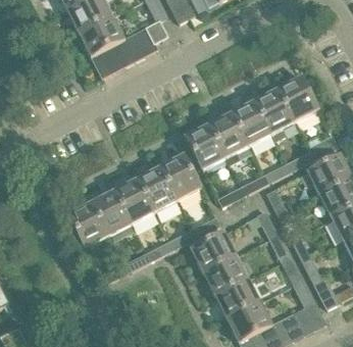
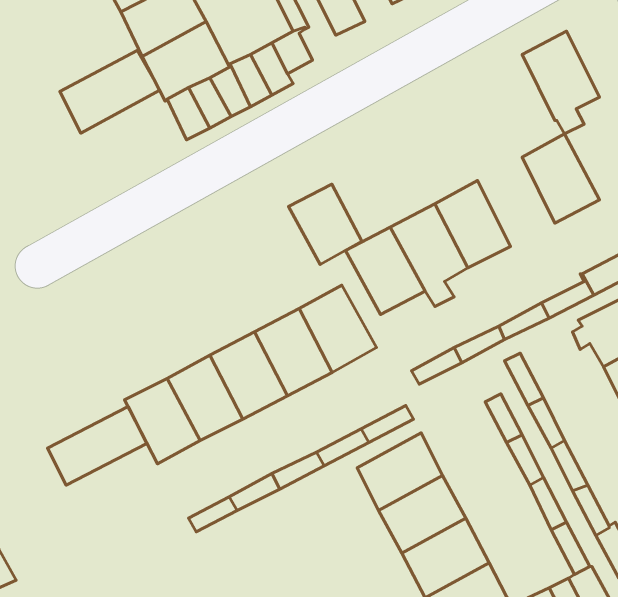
building: none -> [60,50,160,133]
building: [253,87,294,141] -> [522,31,600,134]
building: none -> [288,184,362,265]
building: none -> [47,407,147,485]

